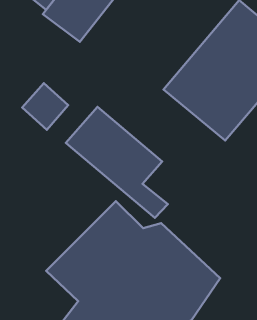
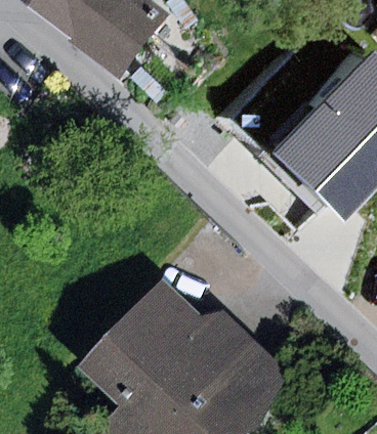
building: [66,107,168,218] -> none

